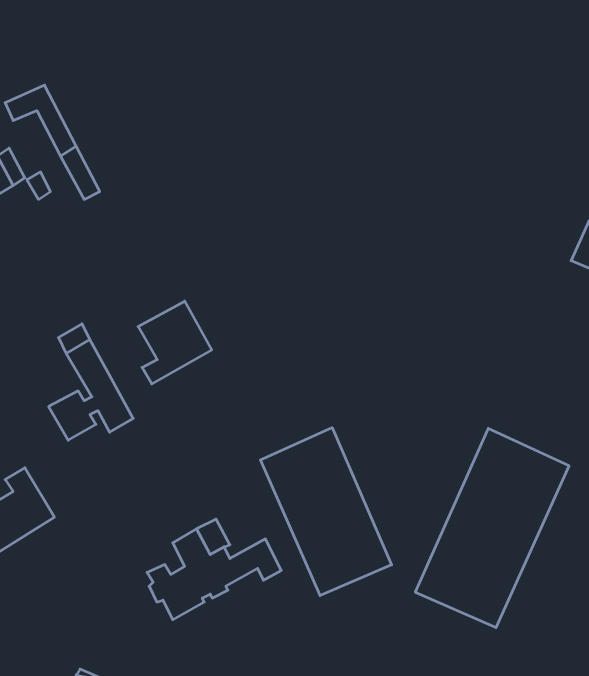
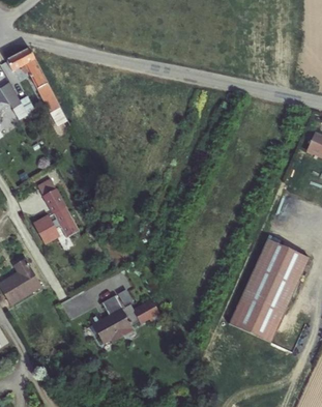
building: [138,301,212,384] -> none
building: [260,428,392,596] -> none

